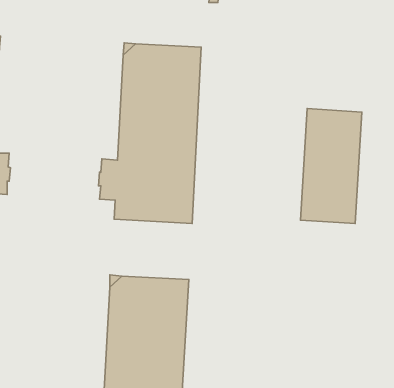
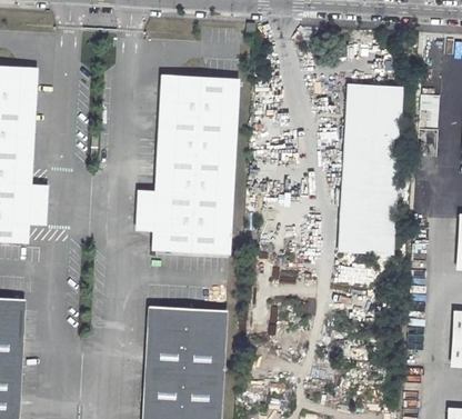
building: none -> [344,83,402,143]

